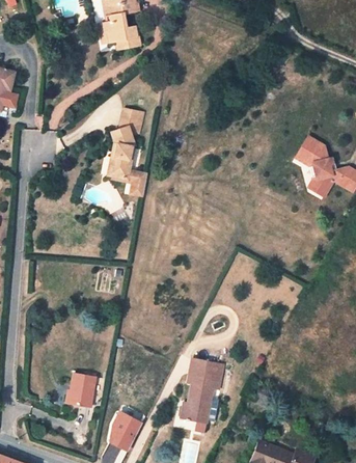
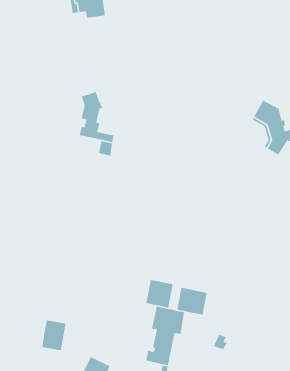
building: [119,109,143,136] -> none
building: none -> [146,279,174,308]
building: none -> [176,287,207,315]

